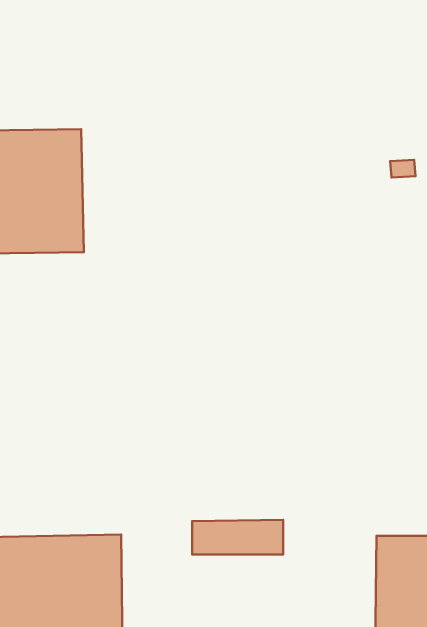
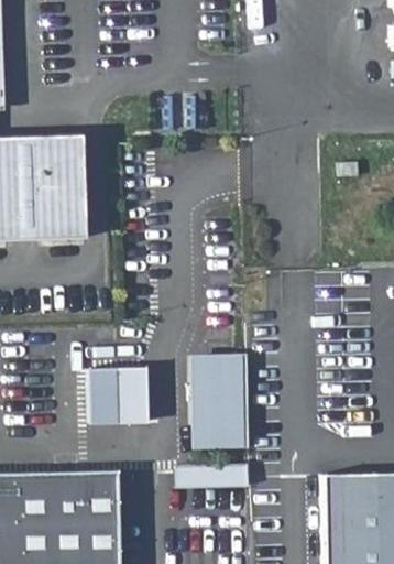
building: none -> [205,355,247,444]
building: none -> [86,369,144,423]

